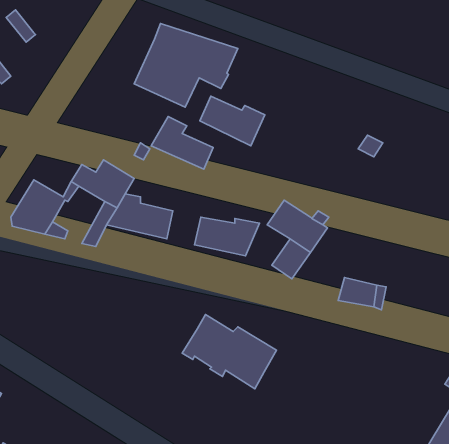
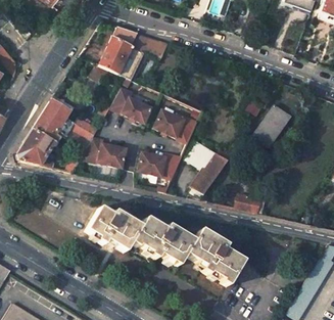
building: [200,96,265,146] -> [154,109,197,142]
building: none -> [33,99,69,140]
building: none -> [253,105,290,147]
building: none -> [87,208,141,252]
building: none -> [185,229,244,287]

